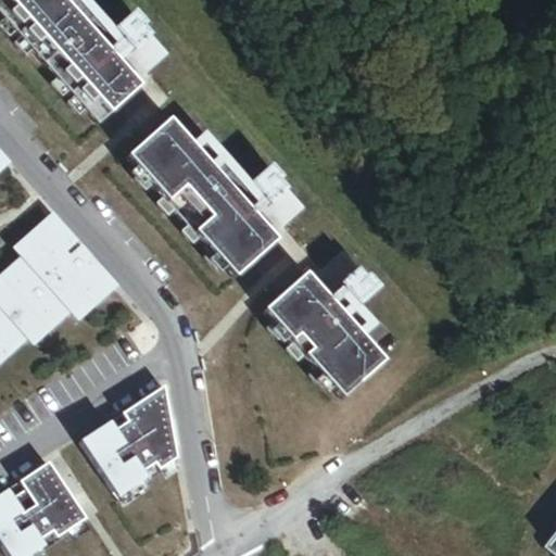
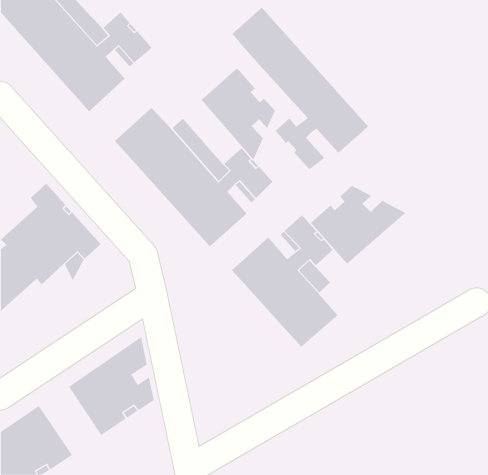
building: none -> [232,7,369,170]
building: none -> [201,68,276,160]
building: none -> [310,185,407,264]

